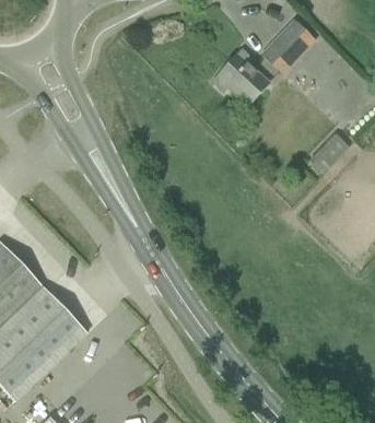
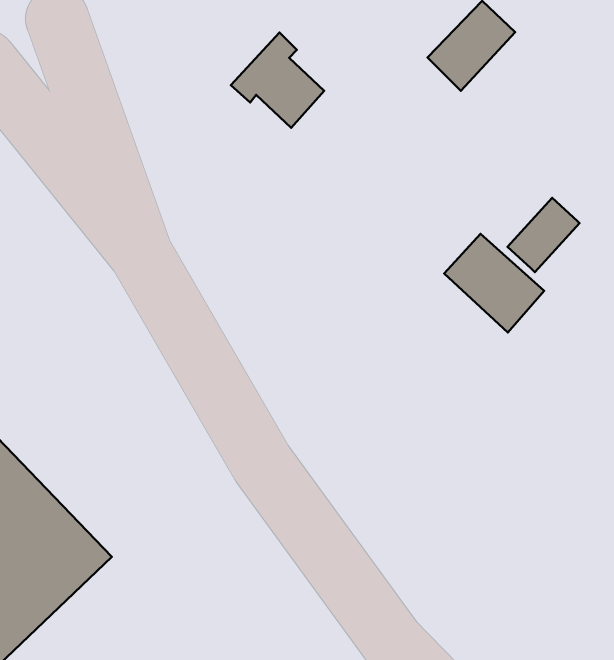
building: [214,50,267,104] -> [231,32,324,128]
building: none -> [444,234,544,332]

